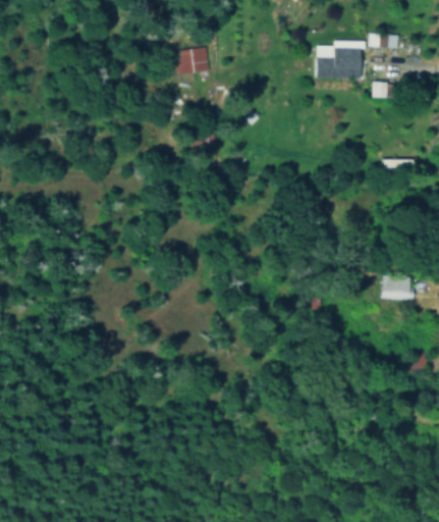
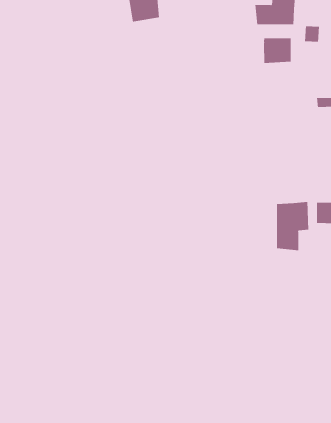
building: none -> [264,37,291,64]
building: none -> [277,201,309,251]

